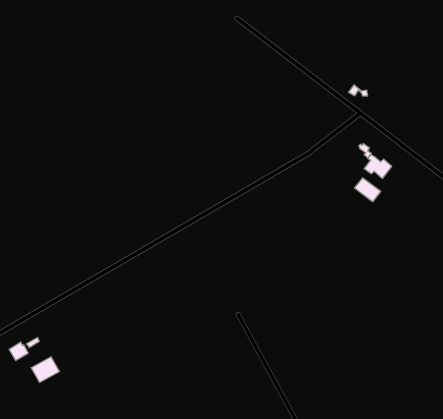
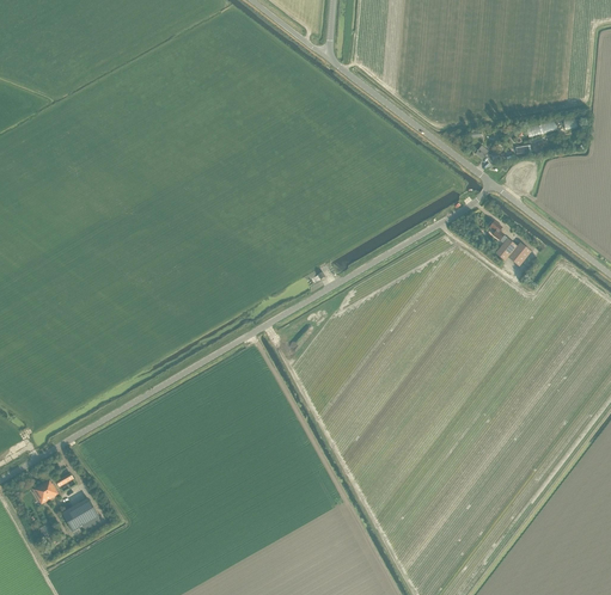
building: [355,178,381,202] -> none

